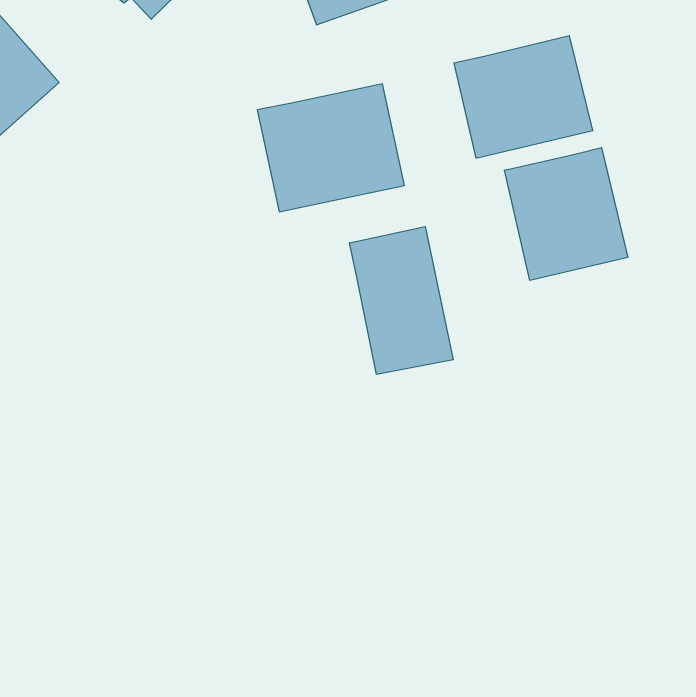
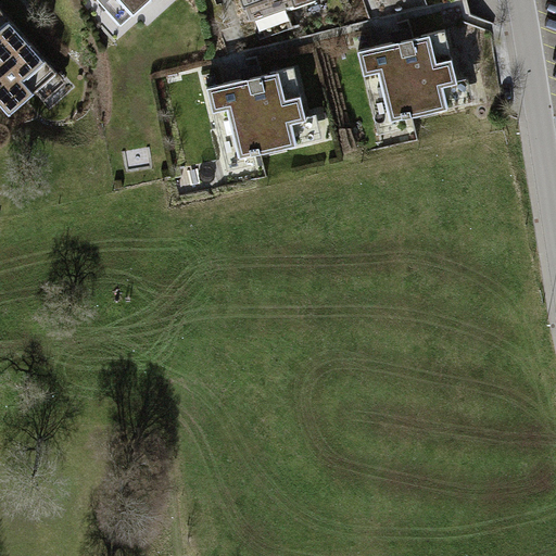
building: [505,148,628,280] -> none
building: [349,227,453,374] -> none

